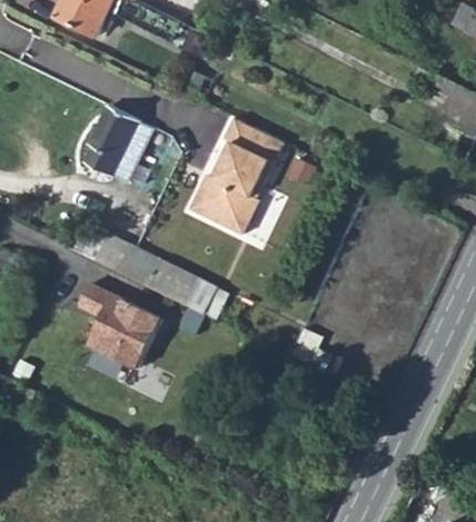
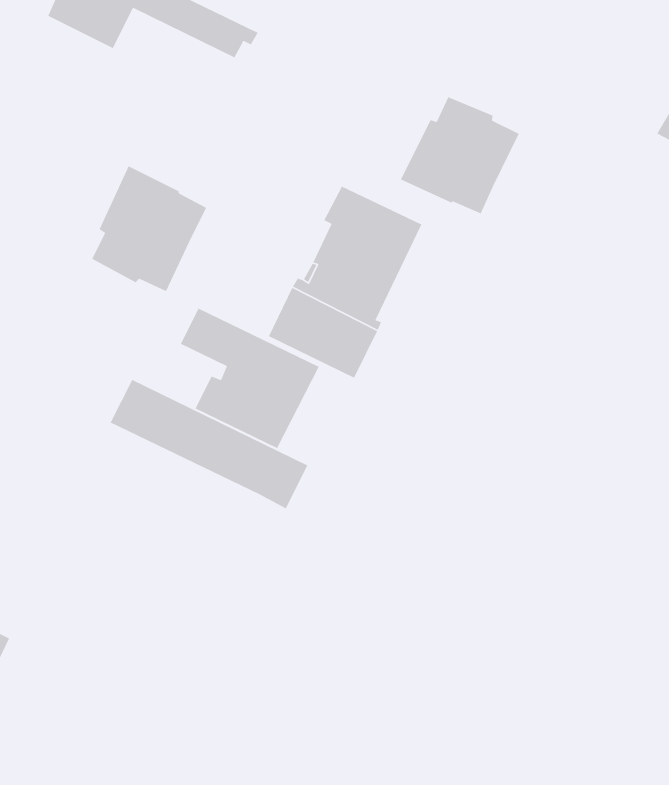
building: none -> [400,96,520,214]
building: [77,284,161,370] -> [180,307,320,449]

